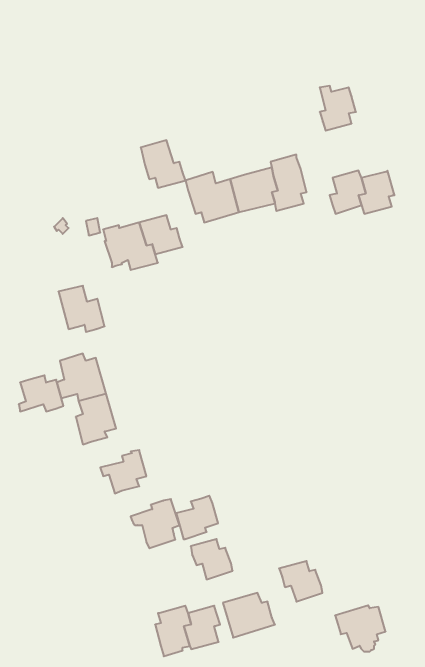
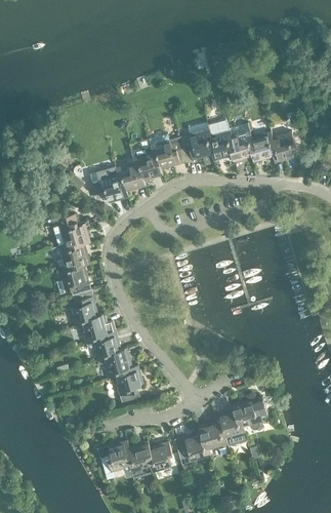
building: [320,86,356,131] -> [230,129,255,161]
building: [141,140,185,188] -> [131,146,163,180]
building: [19,375,63,411] -> [57,241,89,267]
building: none -> [81,313,115,344]
building: [176,496,218,539] -> [102,347,132,378]
building: [191,539,233,579] -> [198,421,227,449]
building: none -> [97,440,130,472]
building: [335,605,386,652] -> [232,396,267,429]

